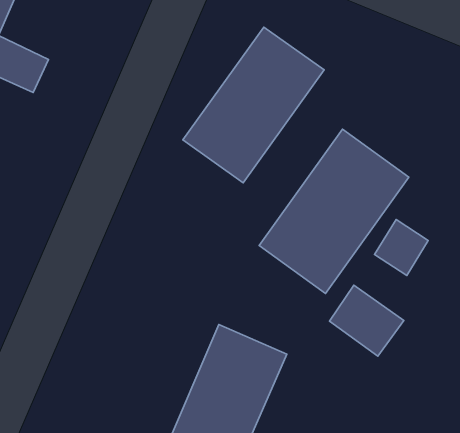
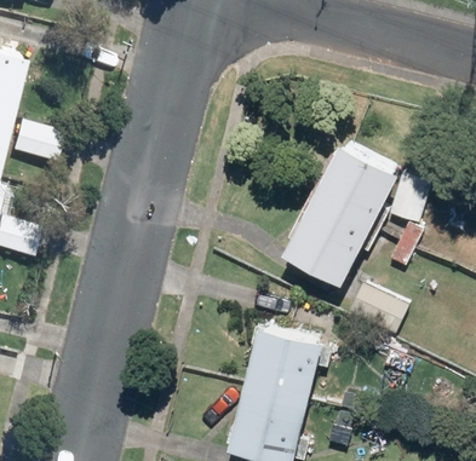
building: [183,27,324,183] -> none

